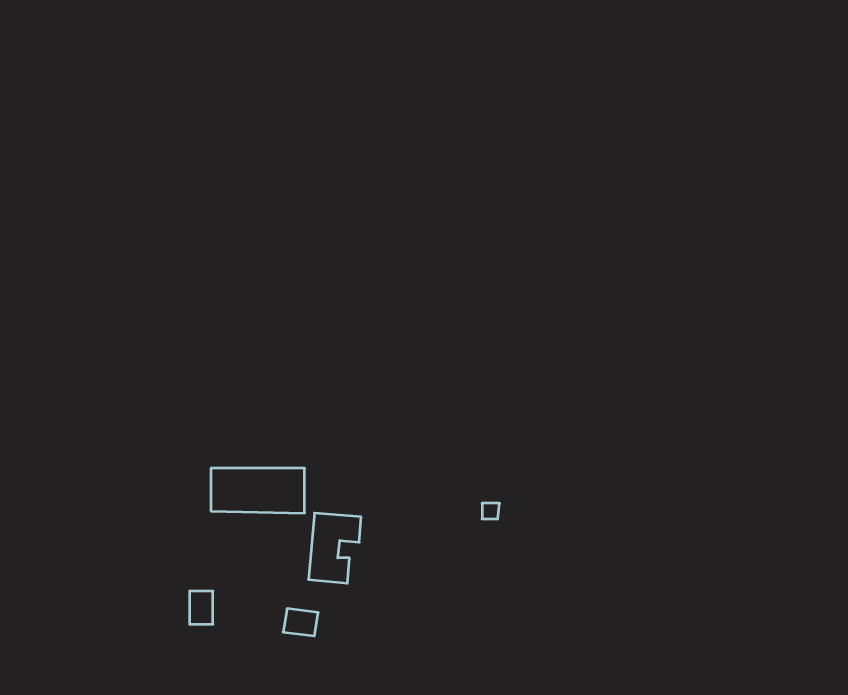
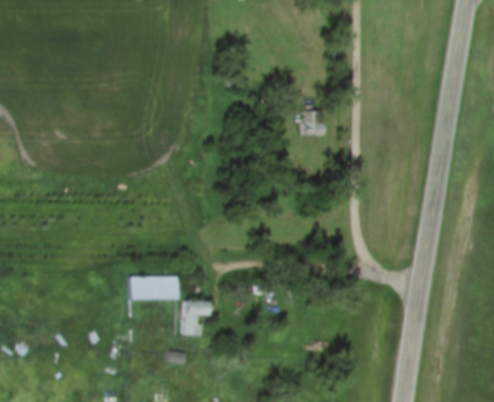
building: none -> [302,110,323,135]

